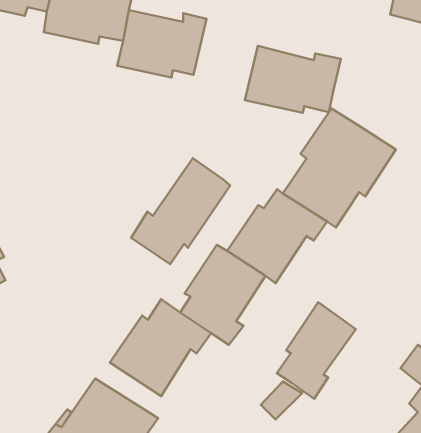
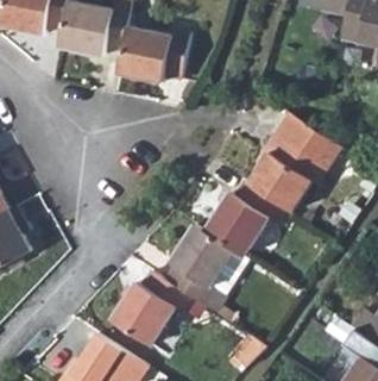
building: [245,46,341,113] -> none
building: [131,158,230,264] -> none
building: [277,302,356,399] -> none

